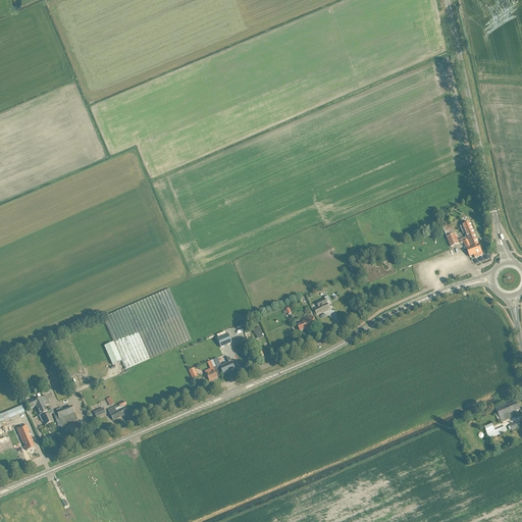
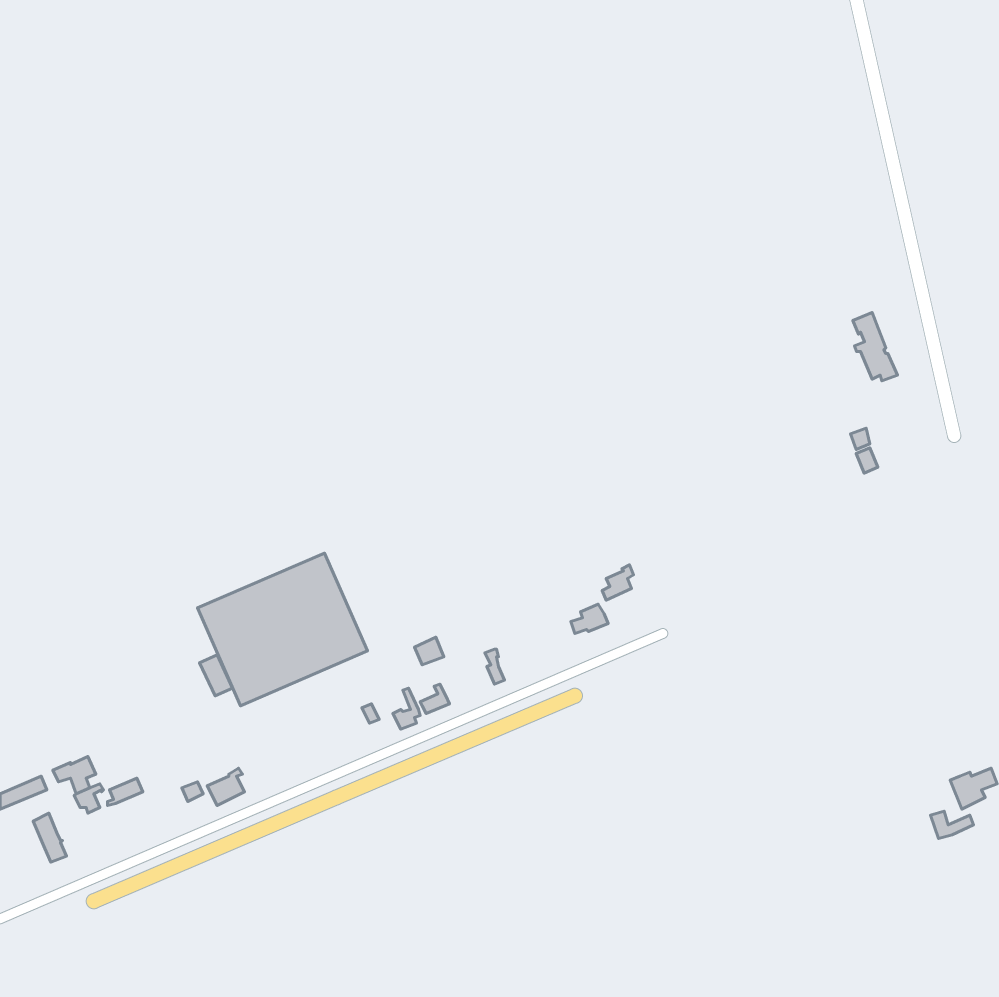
building: [460,221,483,257] -> [853,313,898,381]

